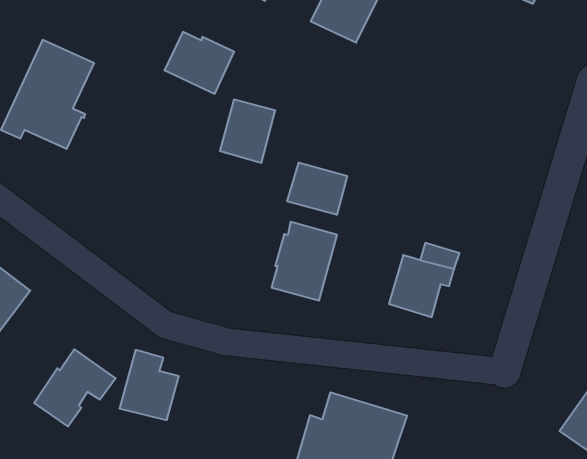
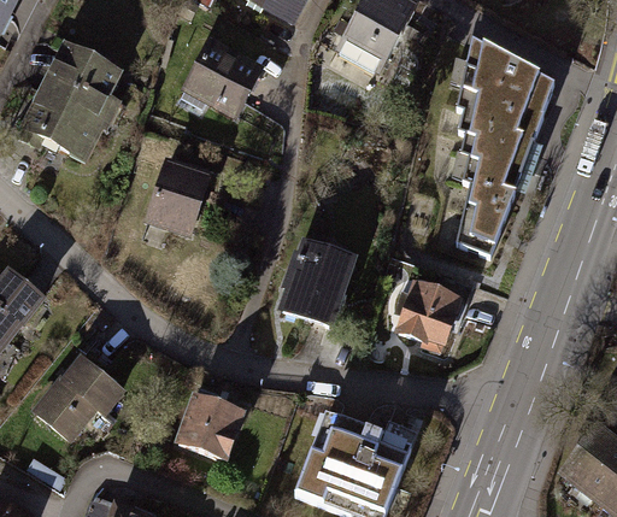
building: none -> [453,41,551,255]
building: [220,100,275,163] -> [151,165,208,230]
building: [287,162,347,215] -> none
building: [119,350,179,420] -> [180,384,241,457]

